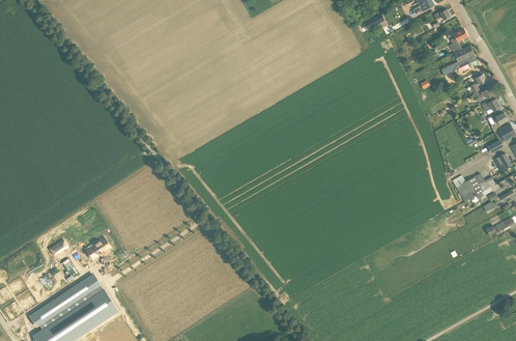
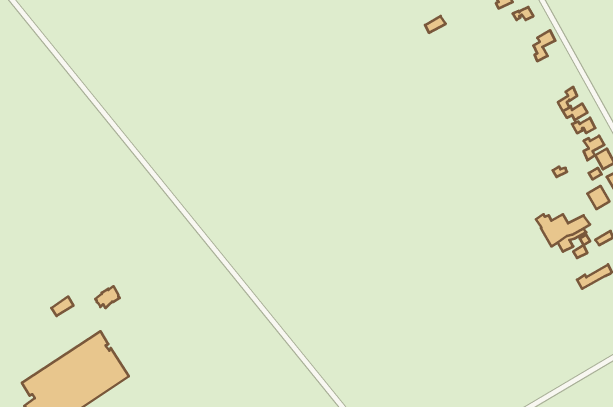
building: [439,46,475,76] -> none

